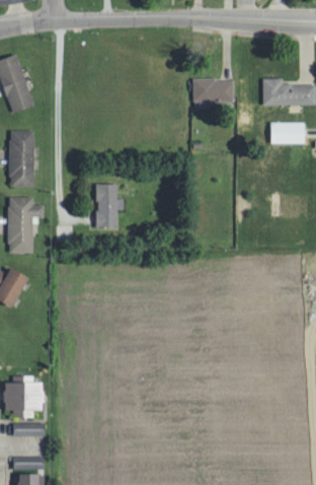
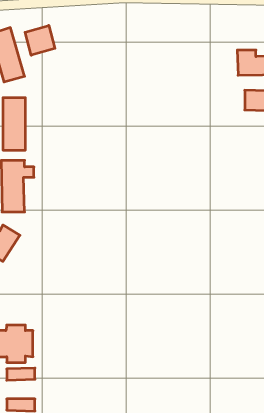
building: none -> [25,25,55,55]
building: [193,78,233,106] -> none
building: [95,183,125,227] -> none

